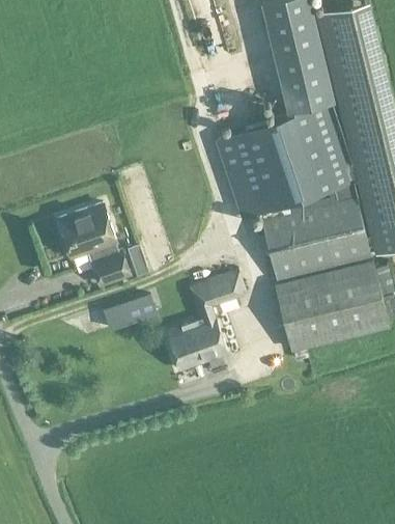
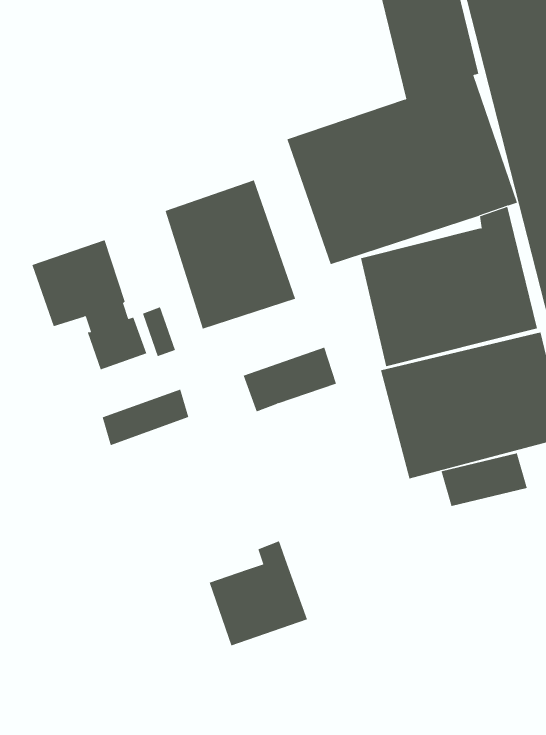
building: none -> [165,179,296,330]
building: [167,305,228,370] -> [209,541,308,646]
building: none -> [441,452,528,507]

